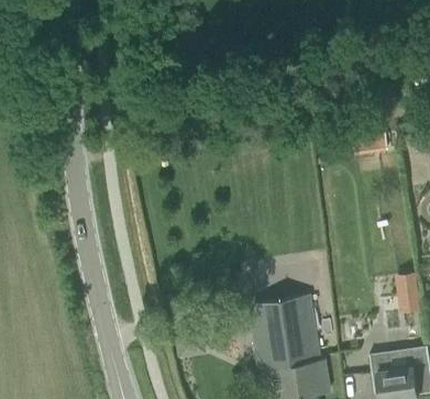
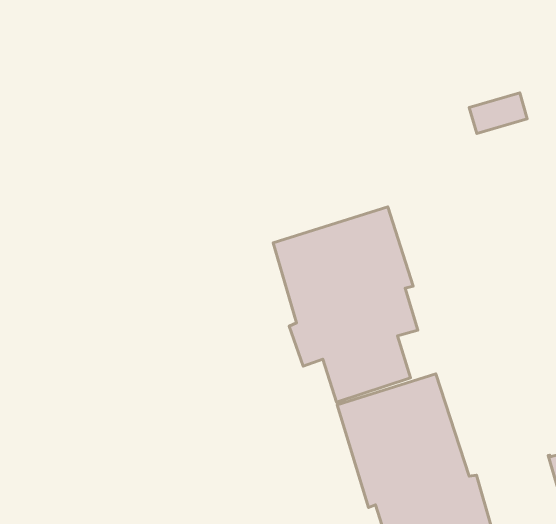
building: none -> [273,207,418,402]

